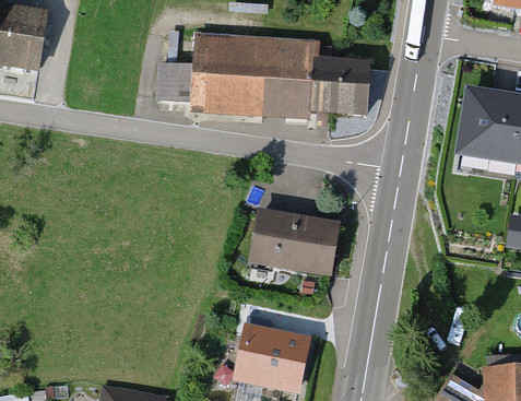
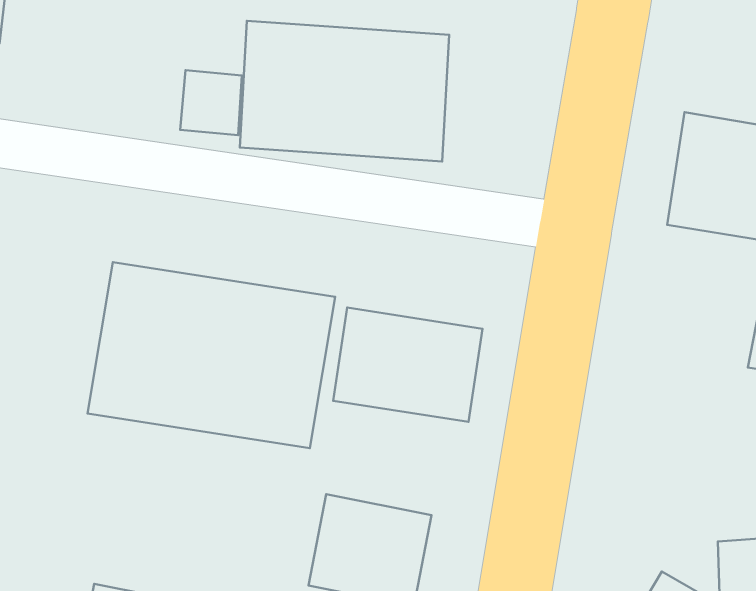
building: [318,59,375,117] -> none
building: none -> [87,262,335,448]

